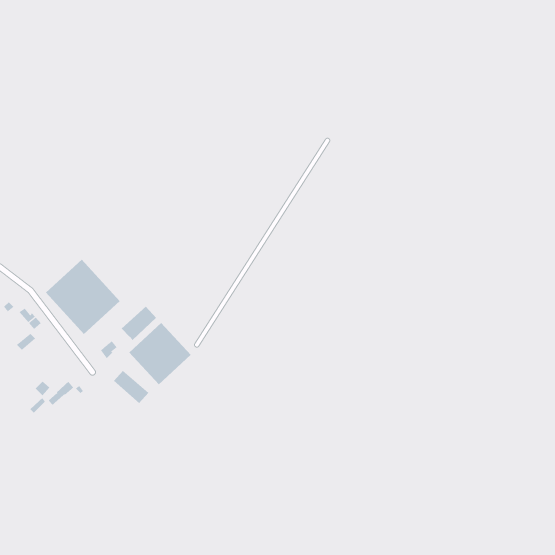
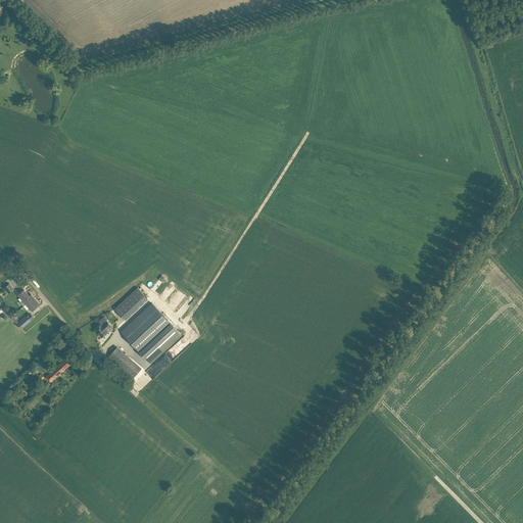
building: [45,259,121,335] -> none

